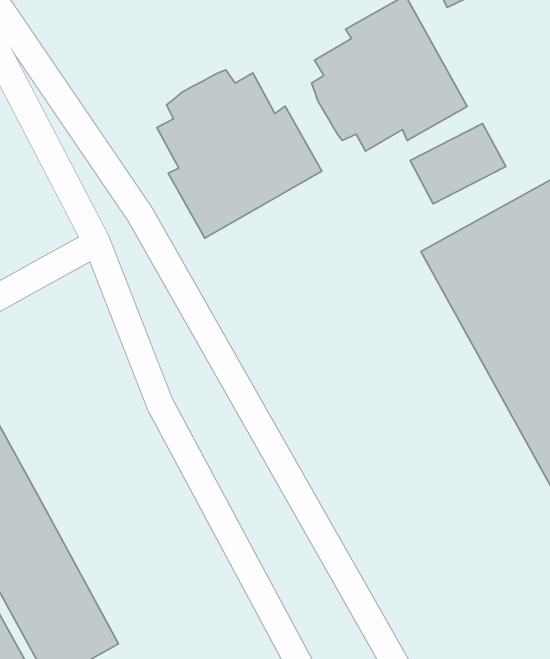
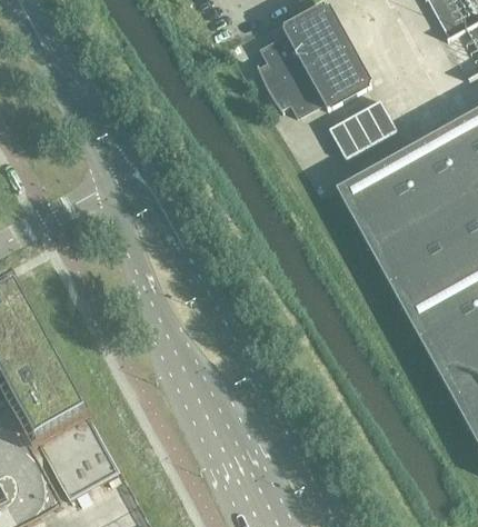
building: [157,70,322,238] -> none

